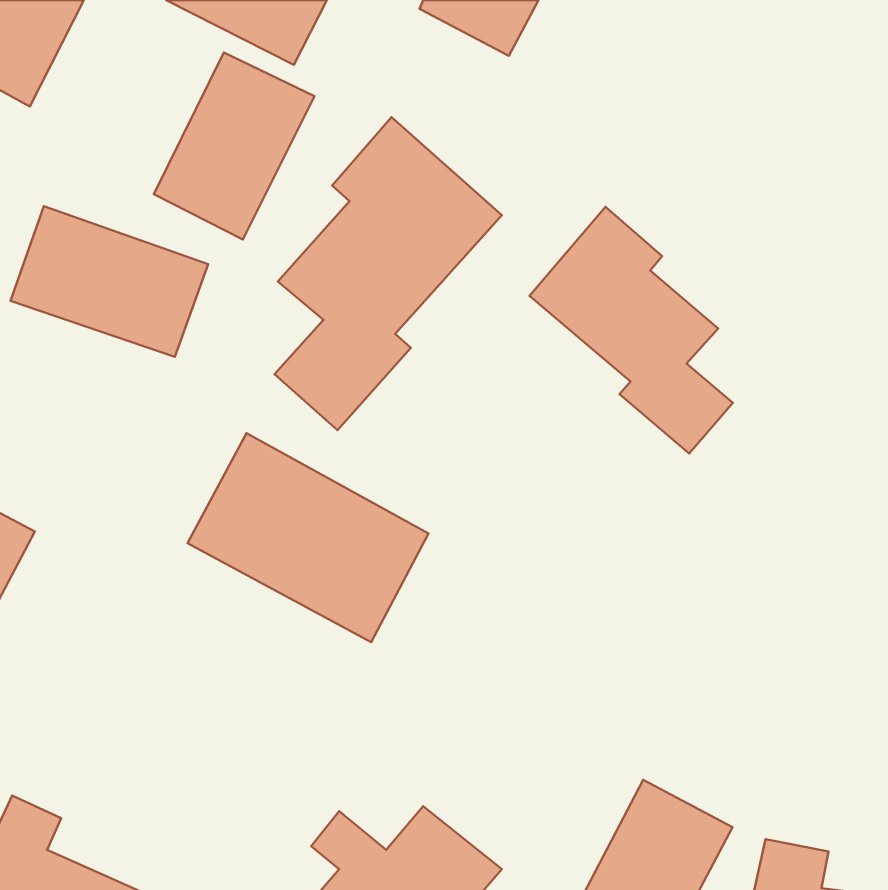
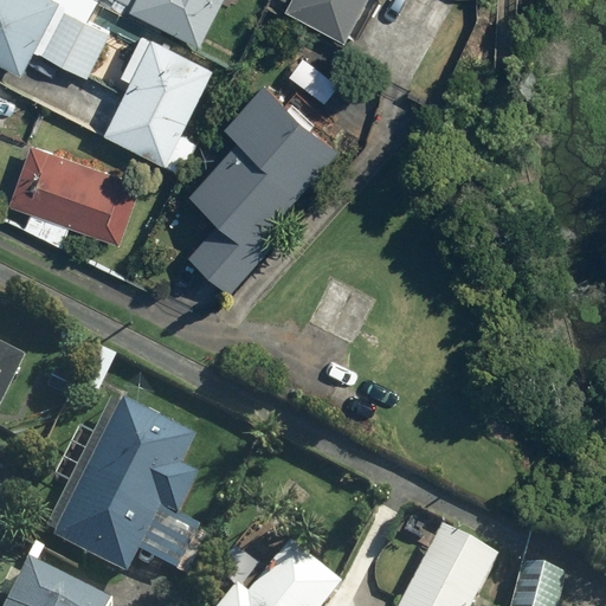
building: none -> [38,8,109,77]
building: [529,207,733,454] -> none
building: [187,433,429,642] -> none
building: none -> [50,405,198,584]

